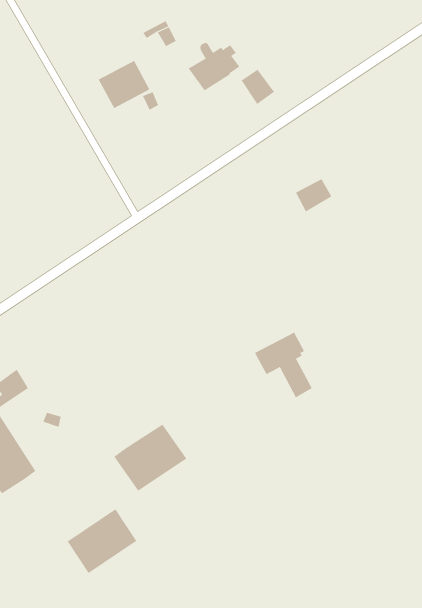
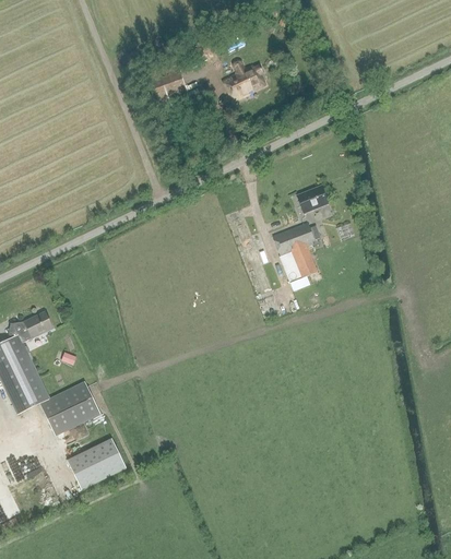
building: [241,69,275,105] -> none
building: [254,332,312,398] -> [272,222,317,277]
building: [114,424,187,491] -> [39,381,100,435]

